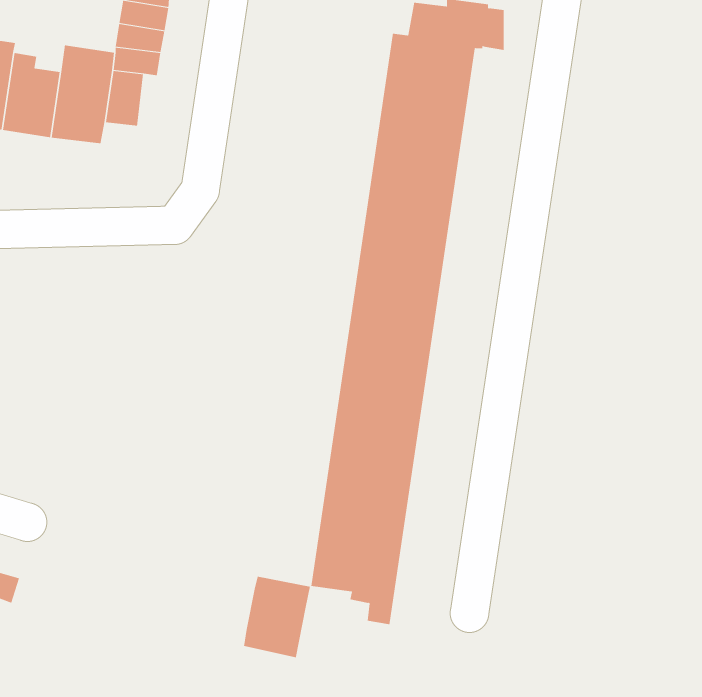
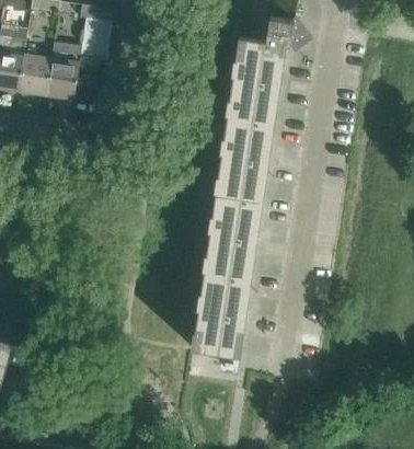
building: [244,576,311,658] -> none

